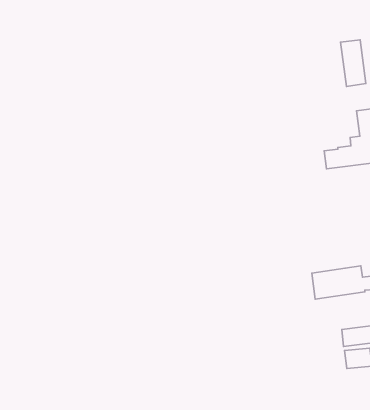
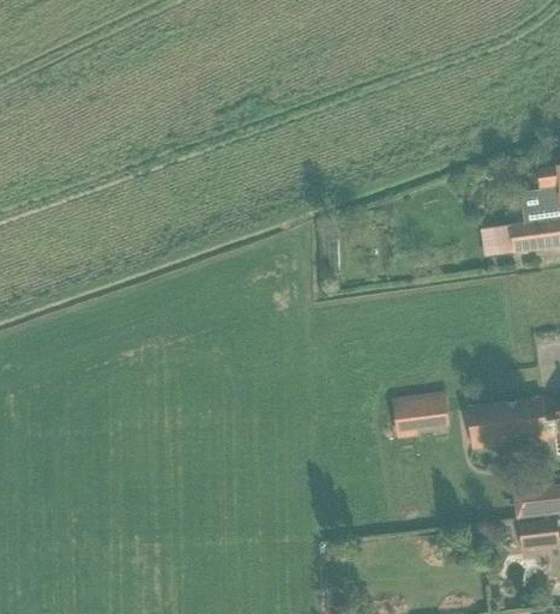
building: [341,40,366,87] -> none
building: none -> [397,393,448,432]

